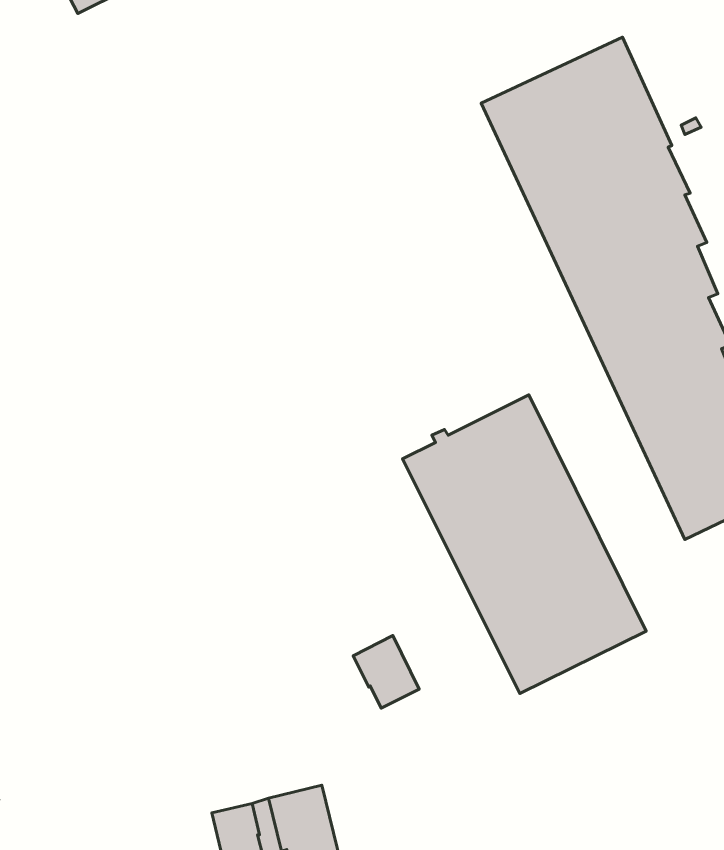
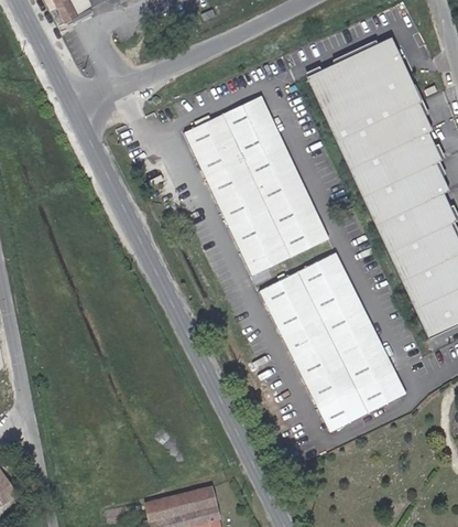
building: none -> [184,96,329,276]
building: [353,636,419,708] -> none

